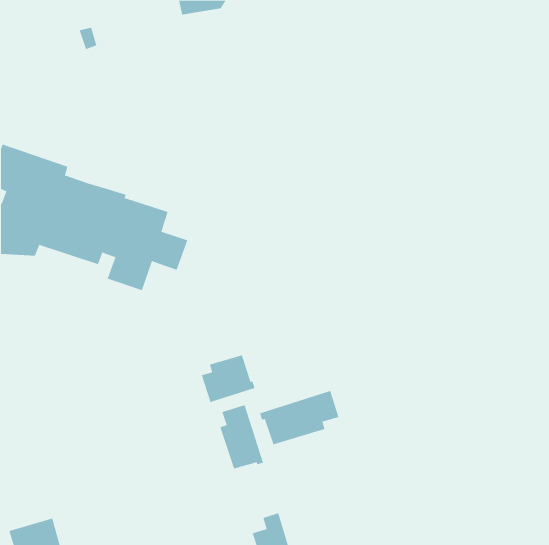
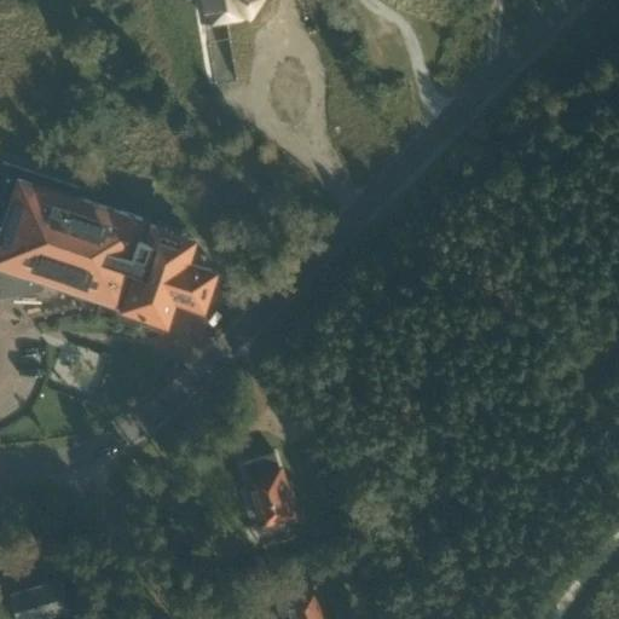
building: [201,355,255,403] -> none
building: [259,390,339,445] -> none

